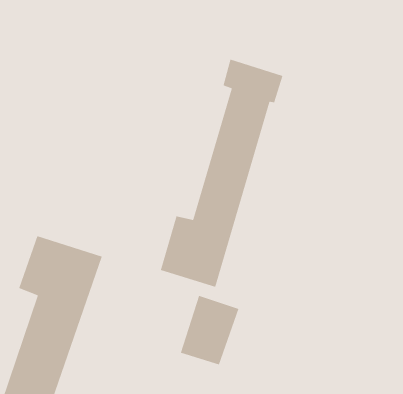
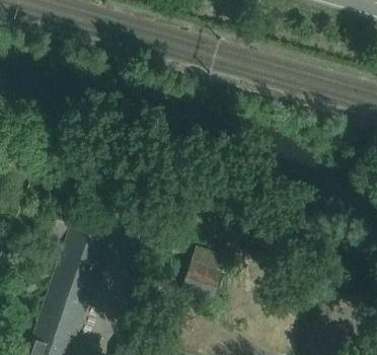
building: [160,58,284,288] -> none

